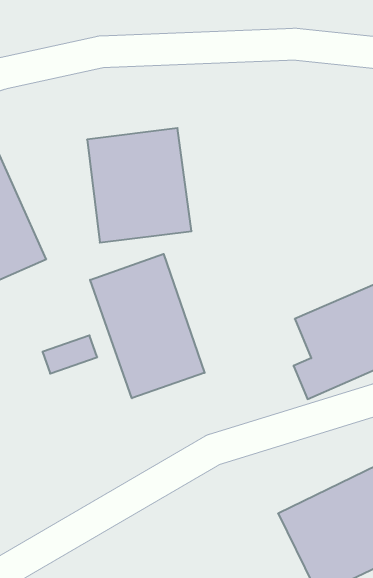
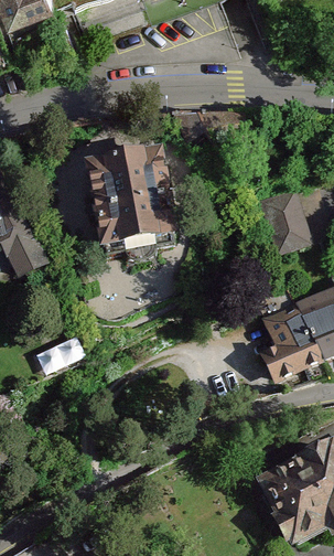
building: none -> [260,186,315,252]
building: [90,254,205,398] -> none

